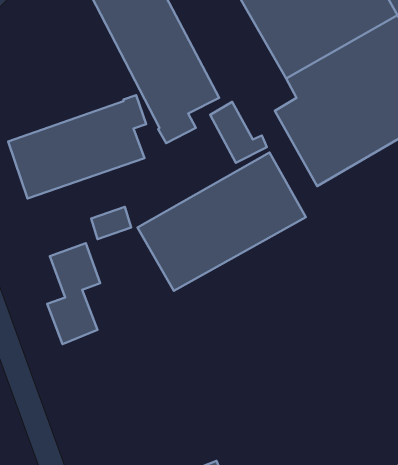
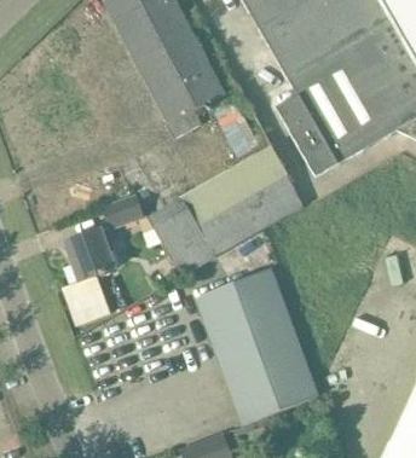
building: [8,95,146,199] -> none
building: none -> [197,269,317,422]

